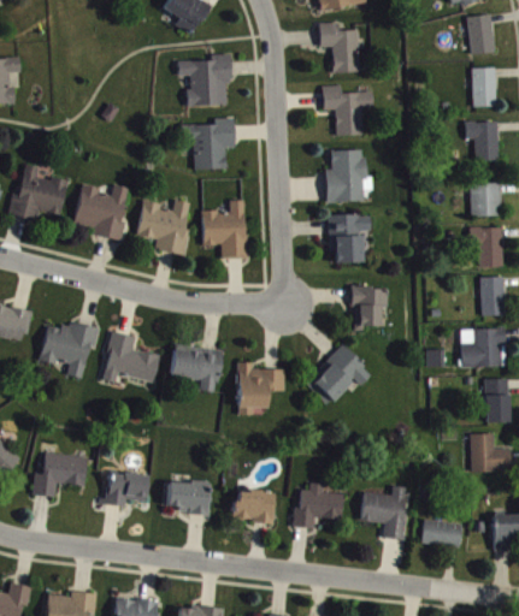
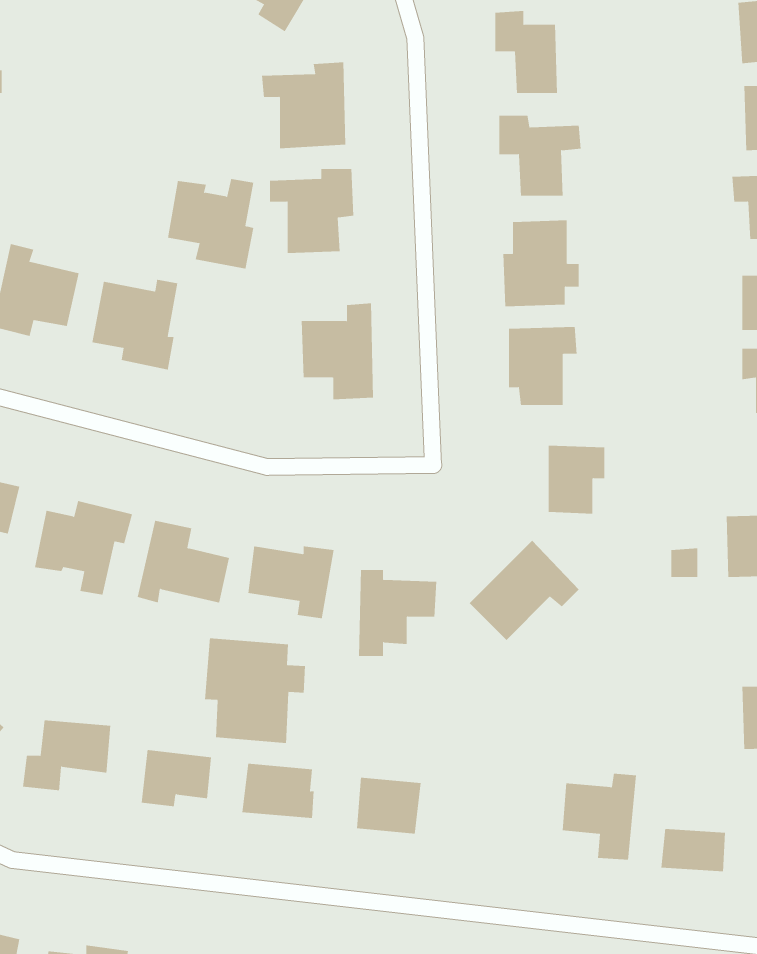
building: [136,200,189,255] -> [167,178,254,269]
building: none -> [204,637,305,744]
building: [293,484,342,528] -> none

